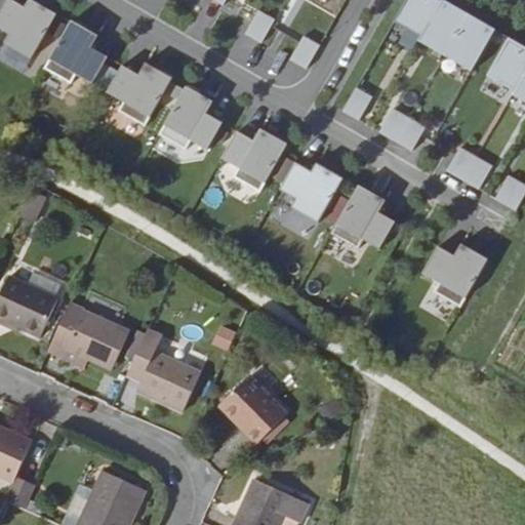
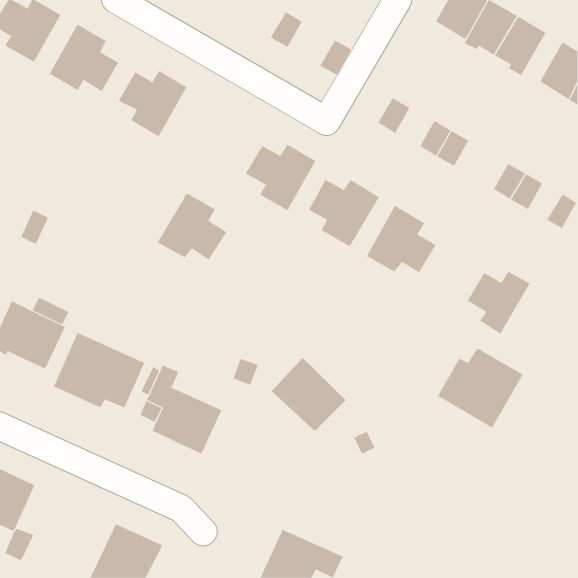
building: [159,87,223,149] -> [157,192,227,260]
building: none -> [437,347,524,429]
building: [219,375,288,443] -> [271,357,347,432]

